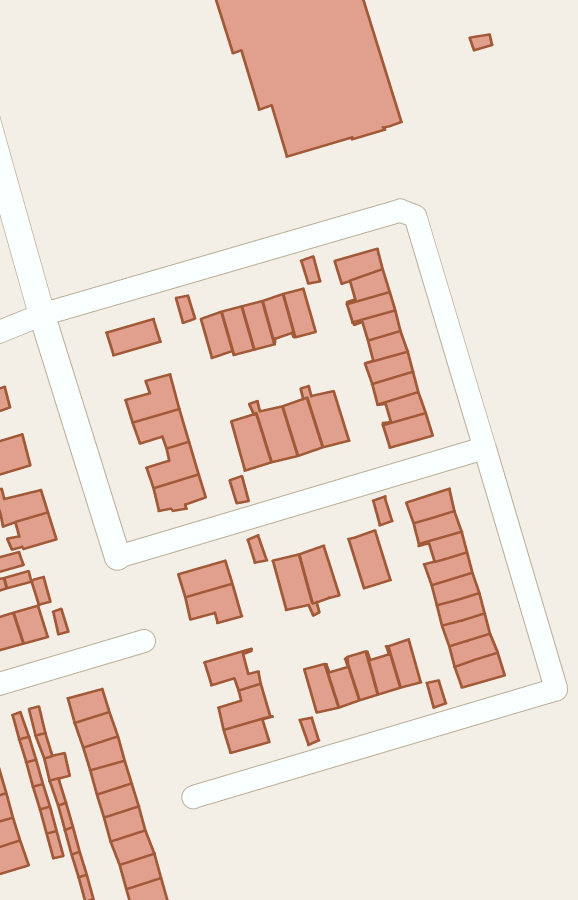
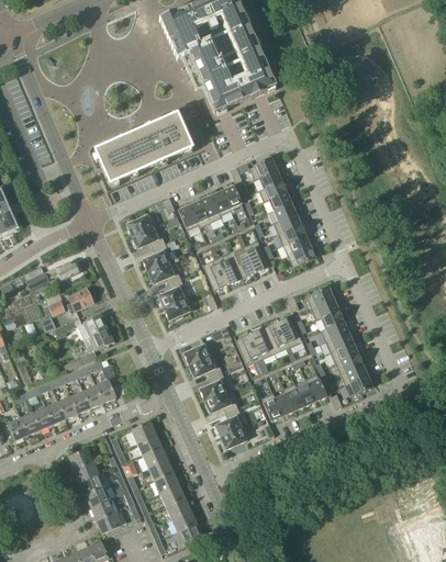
building: none -> [93,111,191,182]
building: none -> [132,224,165,247]
building: none -> [263,321,292,353]
building: none -> [199,371,230,400]

